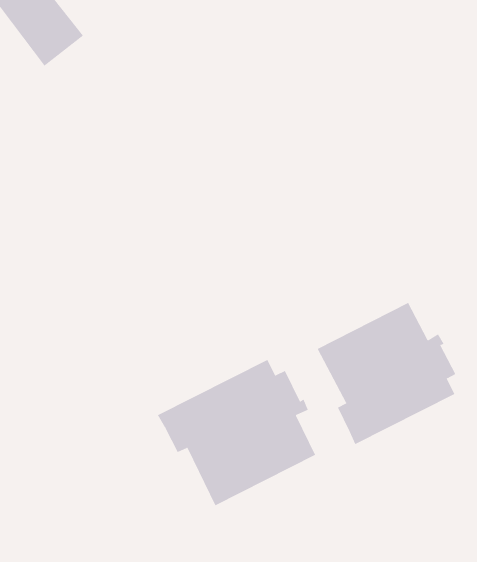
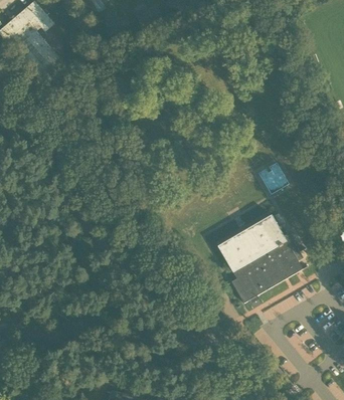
building: [157,359,316,506] -> none

